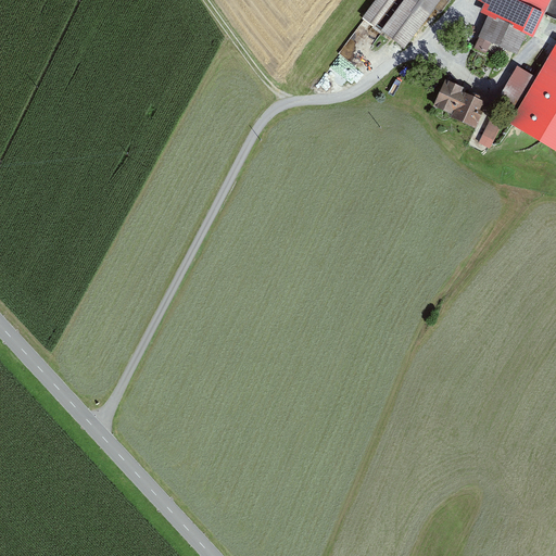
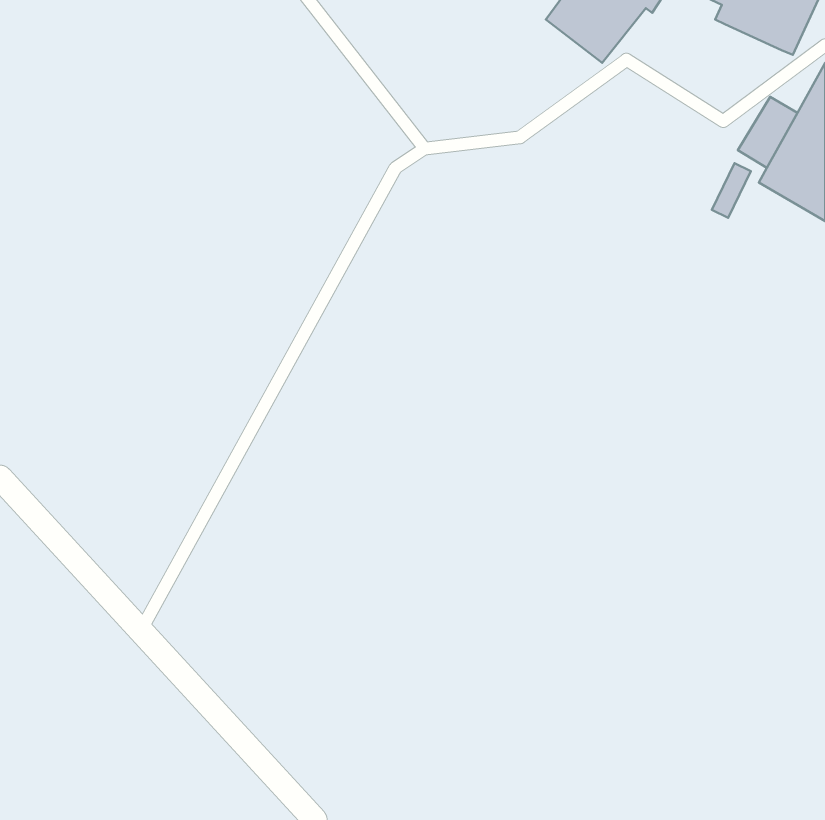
building: [475,16,526,54] -> none
building: [434,77,485,125] -> none

